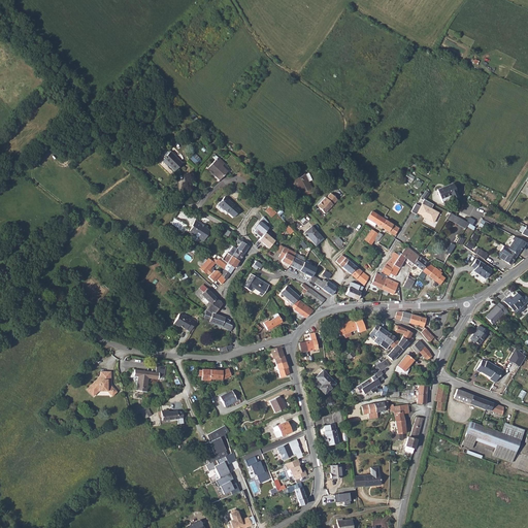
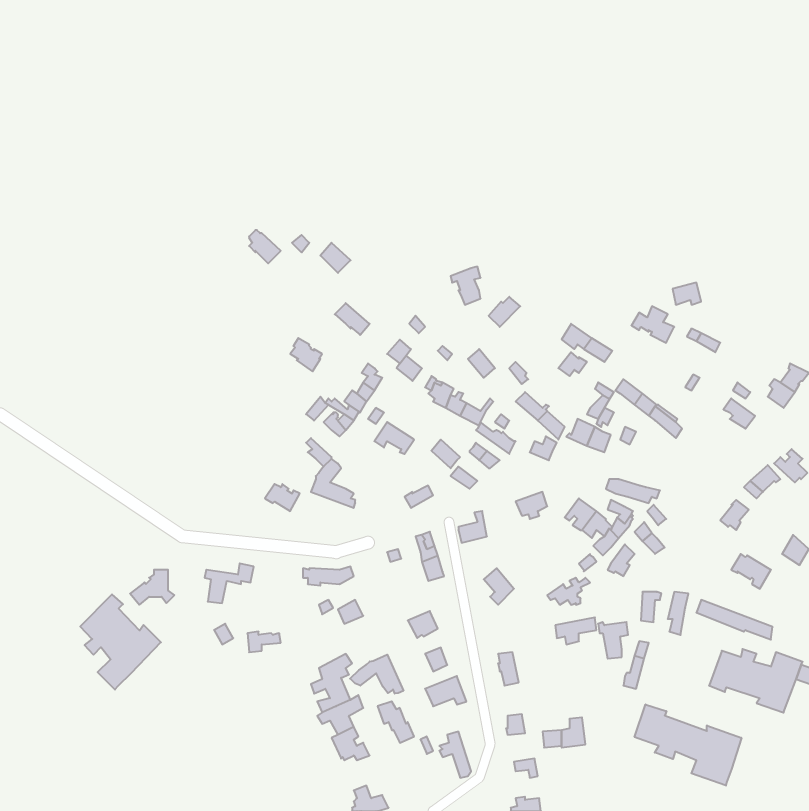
building: none -> [80,594,161,690]
building: none -> [350,655,403,694]
building: none -> [635,704,741,786]

